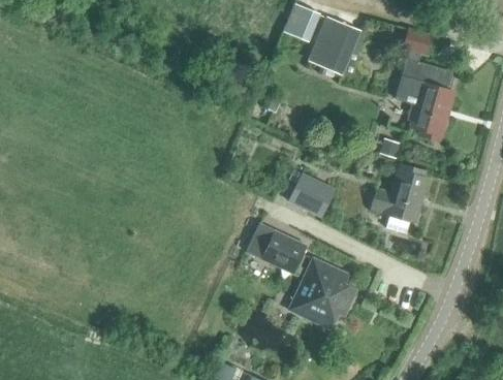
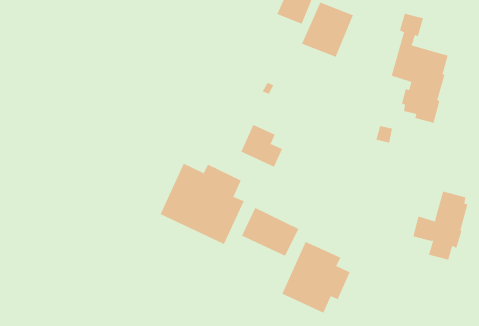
building: [371,163,427,232] -> [413,191,468,260]
building: [288,175,331,218] -> [240,124,283,167]
building: none -> [160,163,244,245]

